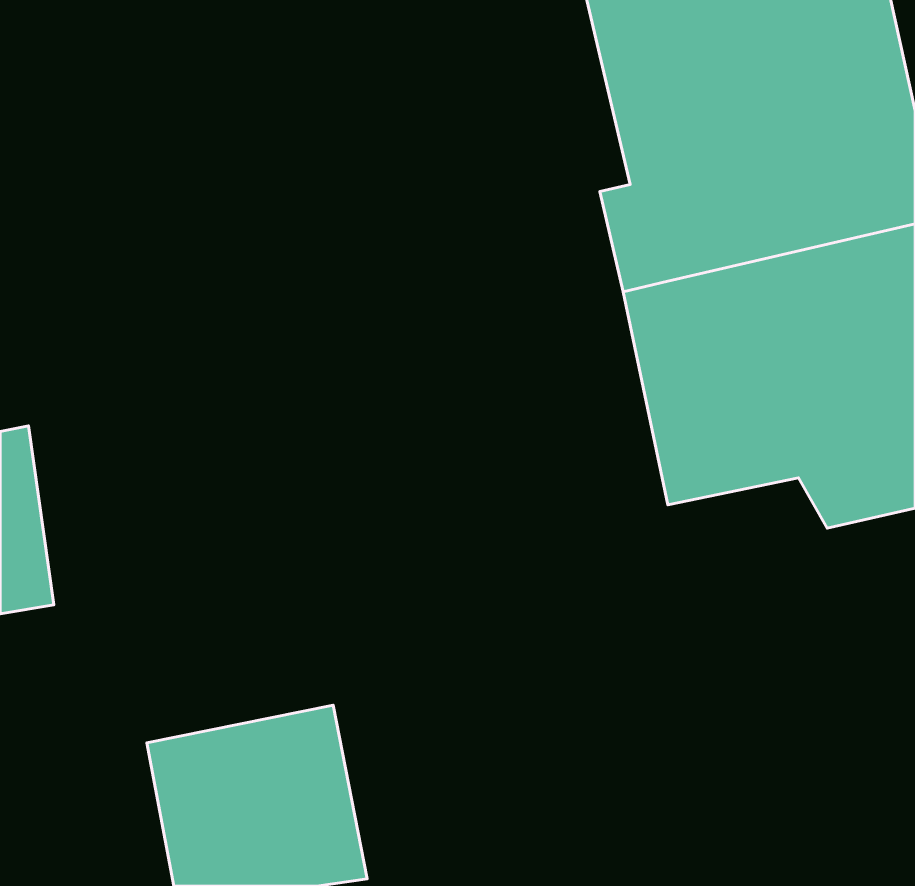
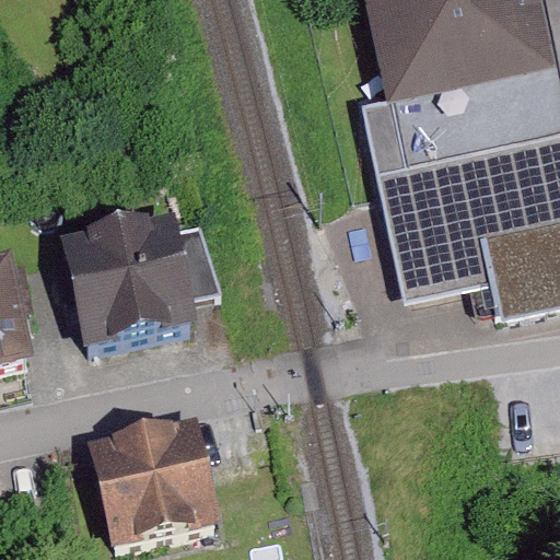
building: none -> [60,214,220,363]

